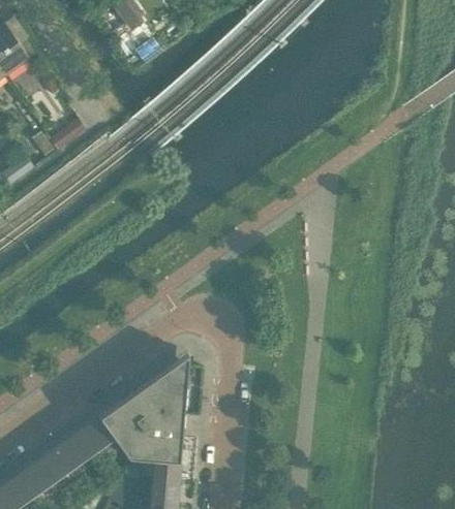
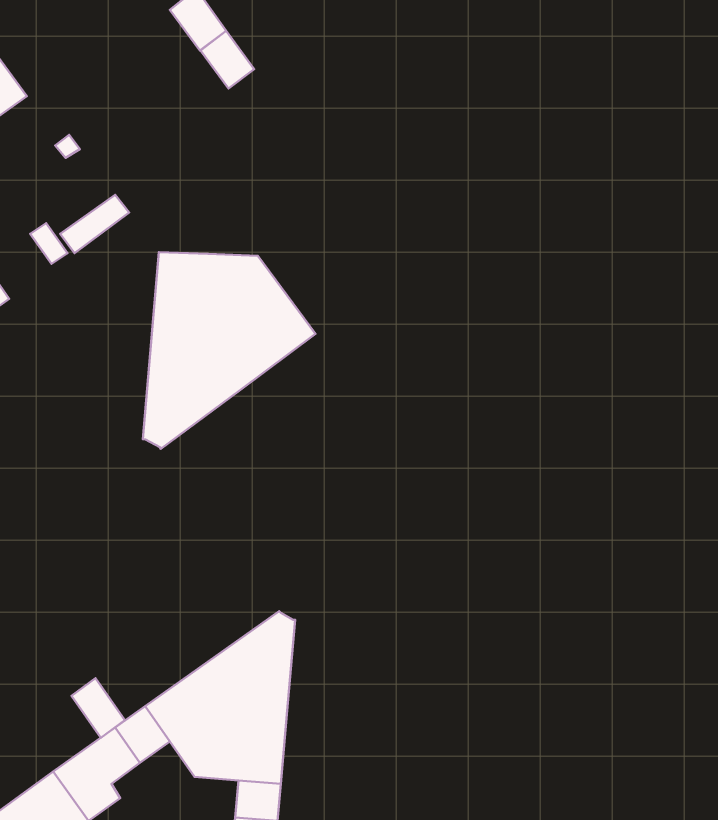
building: none -> [201,31,254,89]
building: none -> [143,252,315,449]
building: none -> [71,678,125,738]

